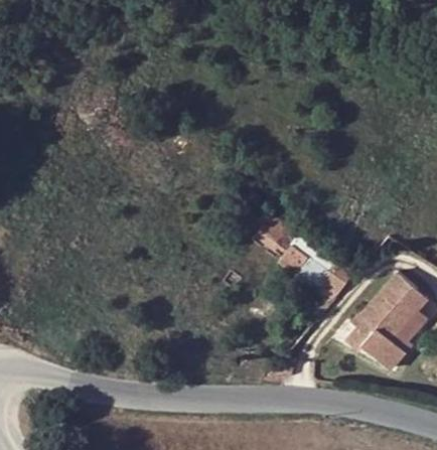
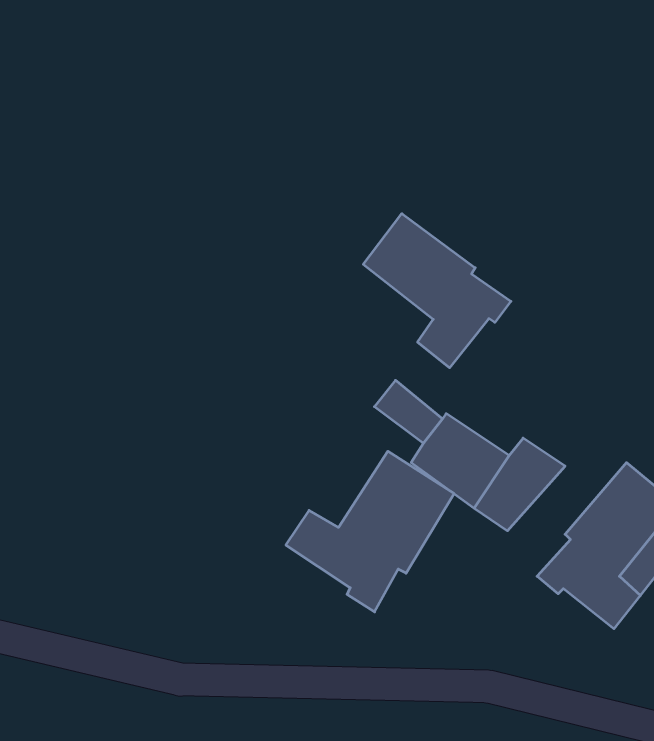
building: none -> [363,214,511,368]
building: none -> [286,451,454,612]

